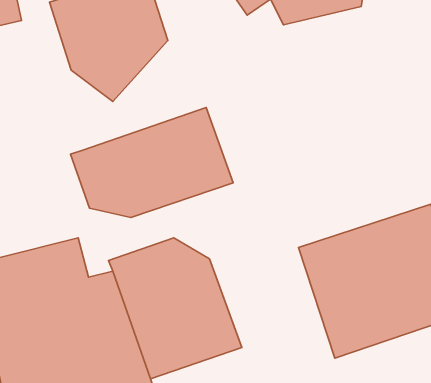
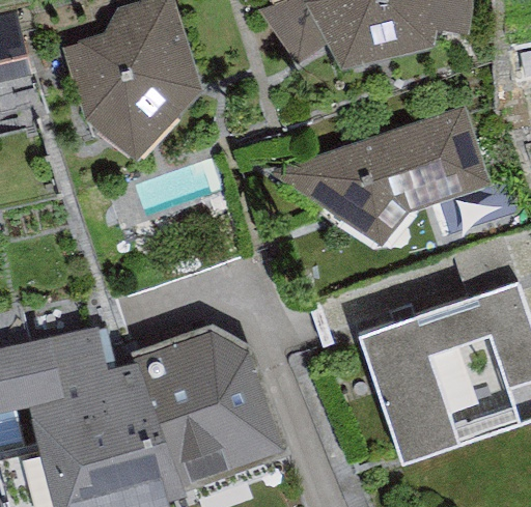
building: none -> [272,104,487,247]
building: [70,107,233,217] -> none

